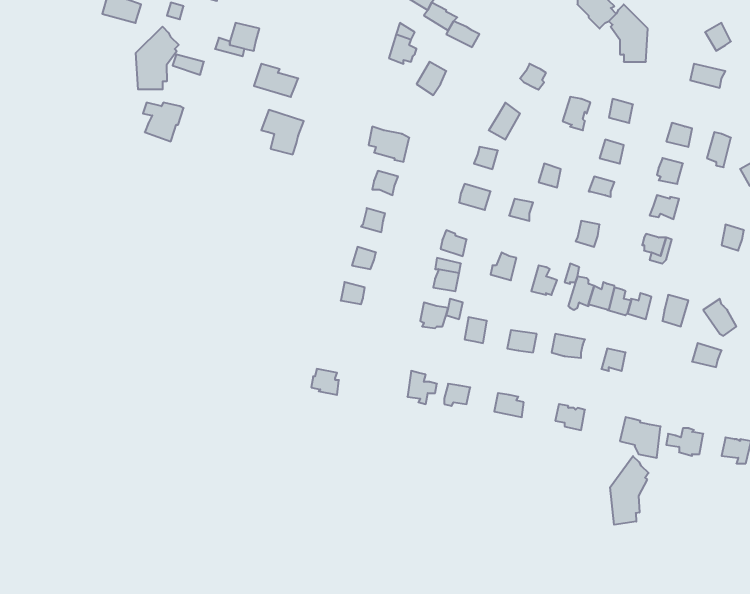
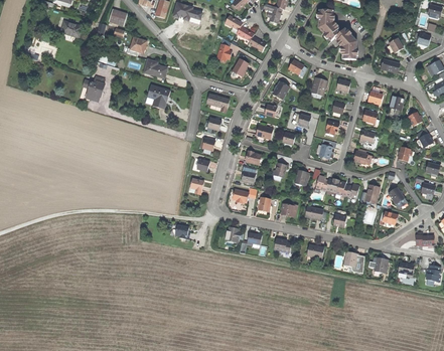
building: [136,27,179,89] -> none
building: [610,456,649,525] -> none

